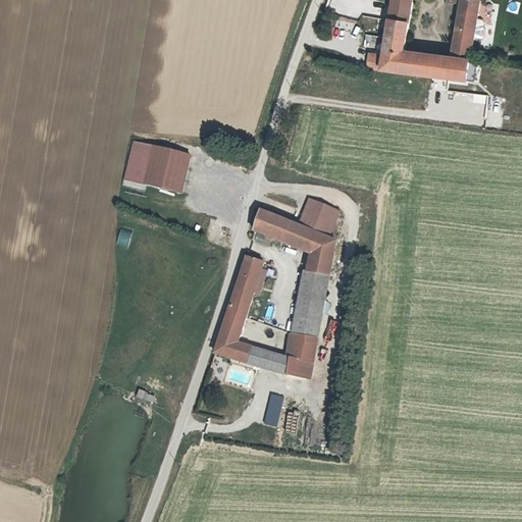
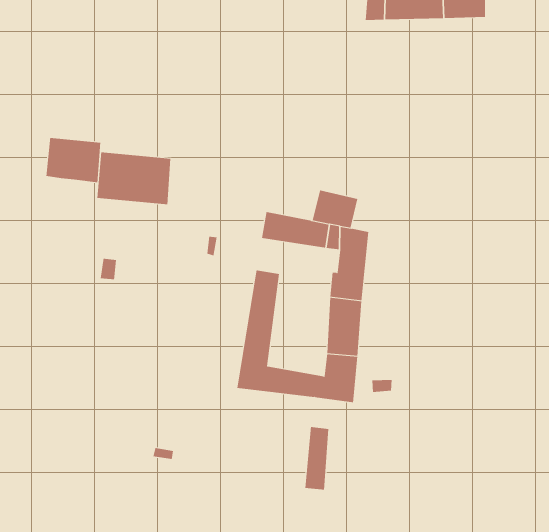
building: none -> [46,137,101,183]

